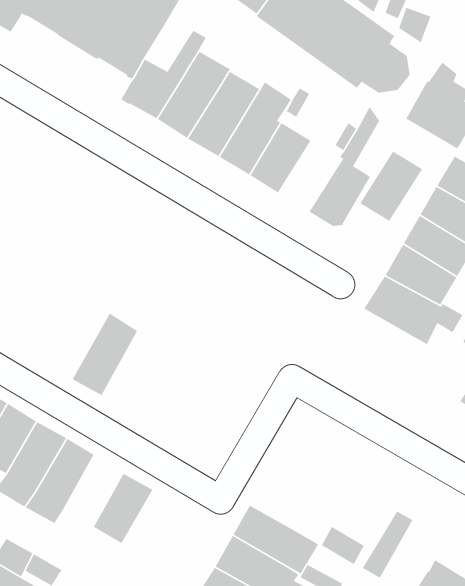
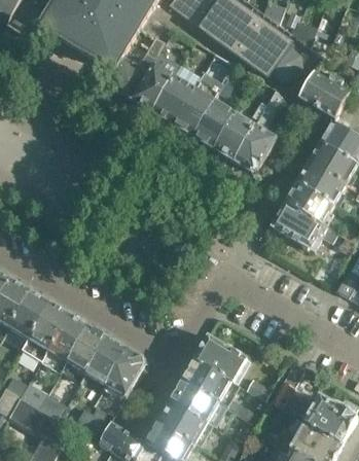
building: [359,151,423,222] -> [213,111,256,159]
building: [71,313,138,396] -> [63,324,108,381]
building: none -> [193,334,246,381]
building: none -> [107,348,144,395]

